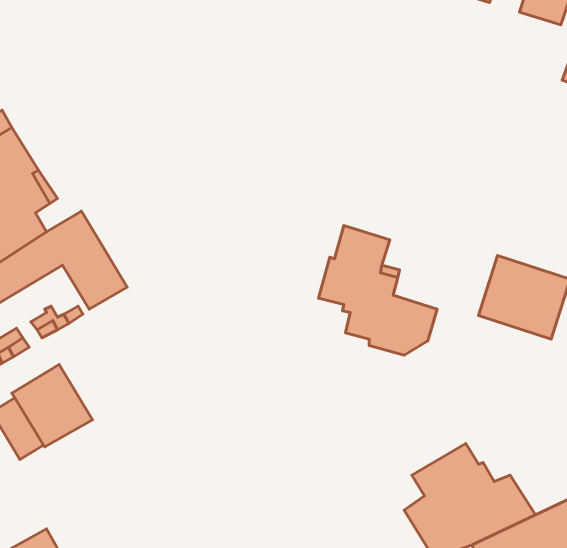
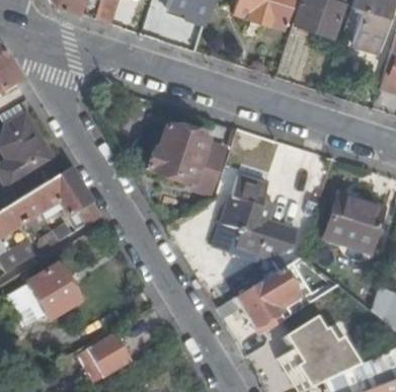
building: none -> [147,127,225,194]
building: none -> [237,262,313,327]
building: none -> [81,333,132,380]

